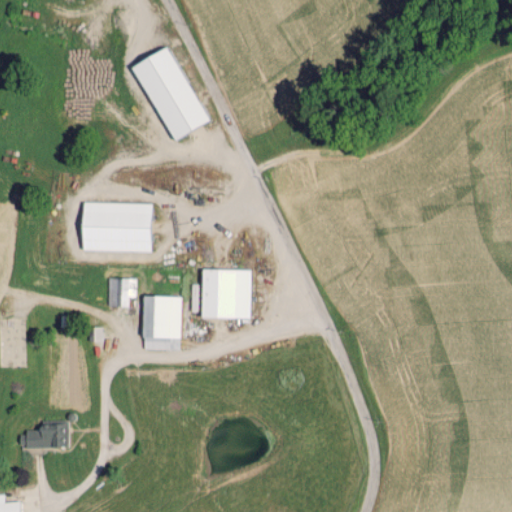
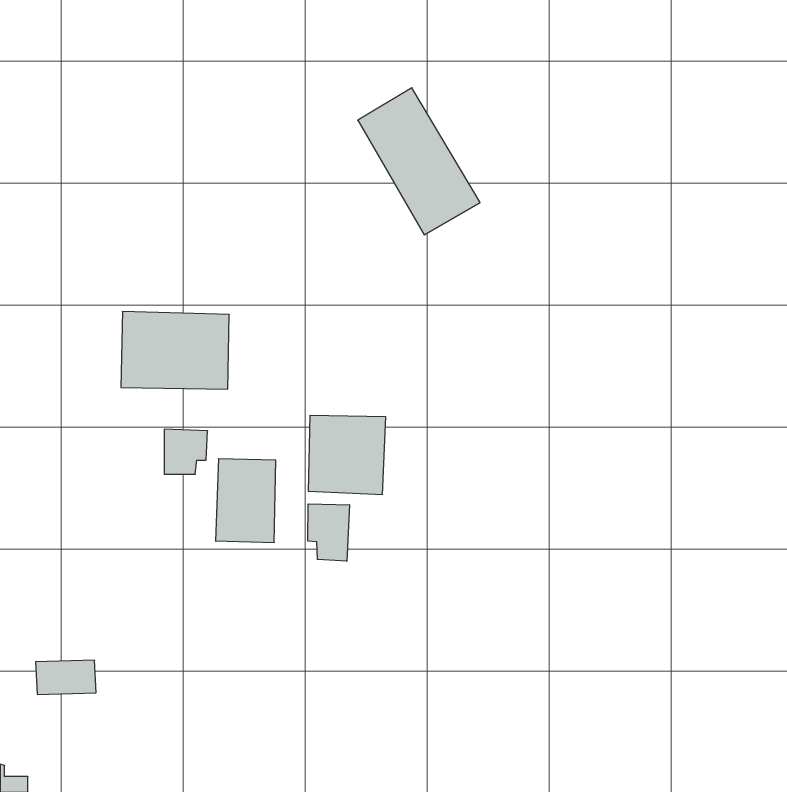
building: [131,45,210,140] -> [358,88,480,235]
building: none -> [308,504,349,561]

